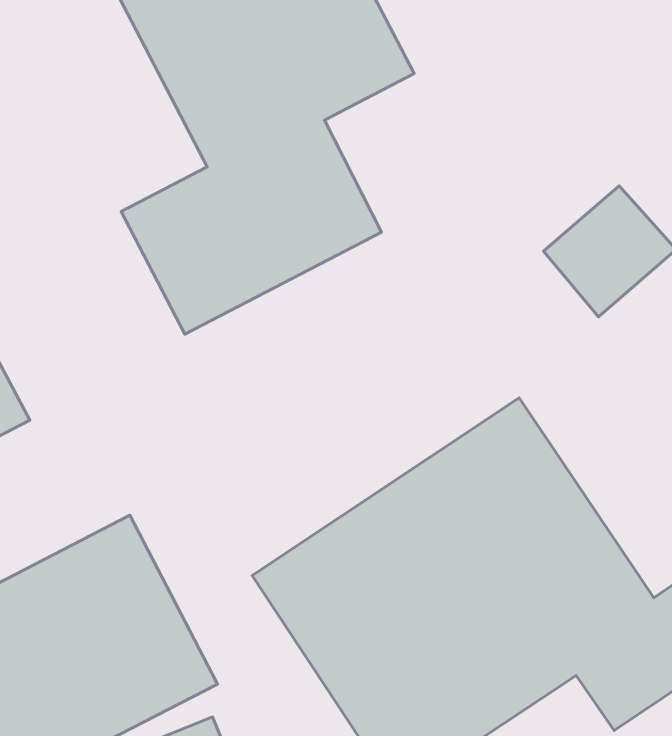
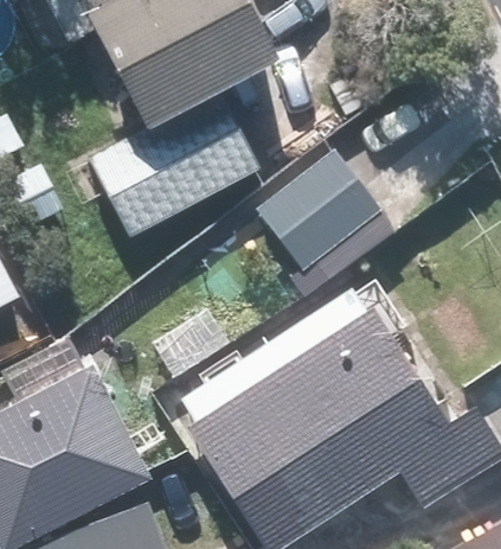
building: none -> [252,146,380,272]

